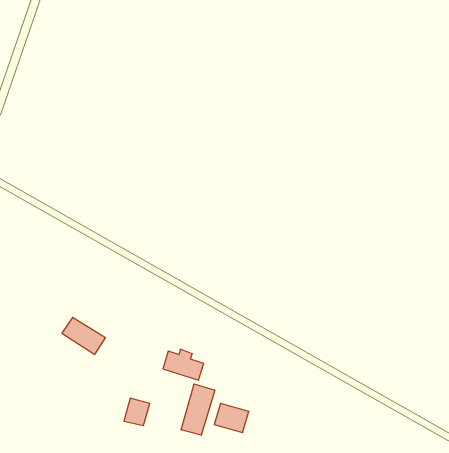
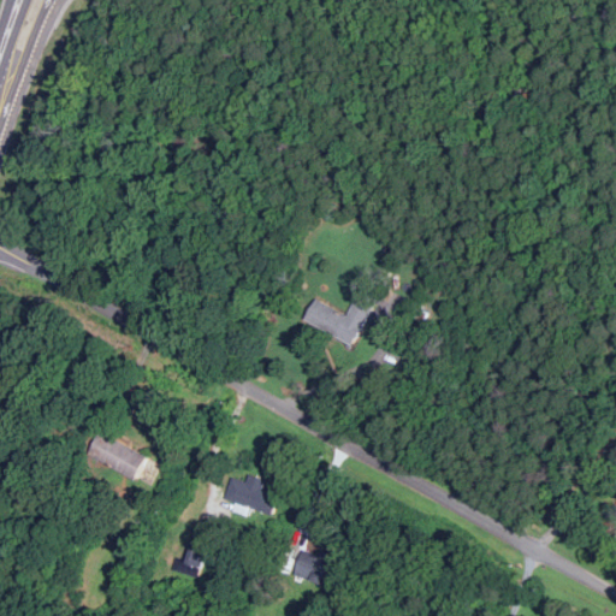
building: none -> [302,288,375,345]
building: [181,384,215,435] -> none

